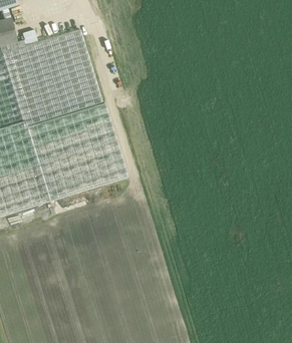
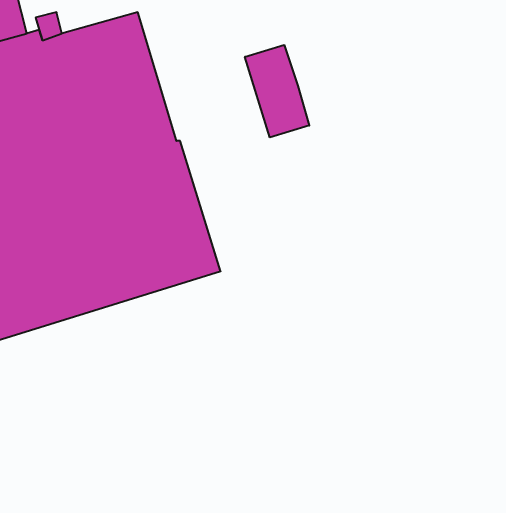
building: none -> [245,45,309,137]

